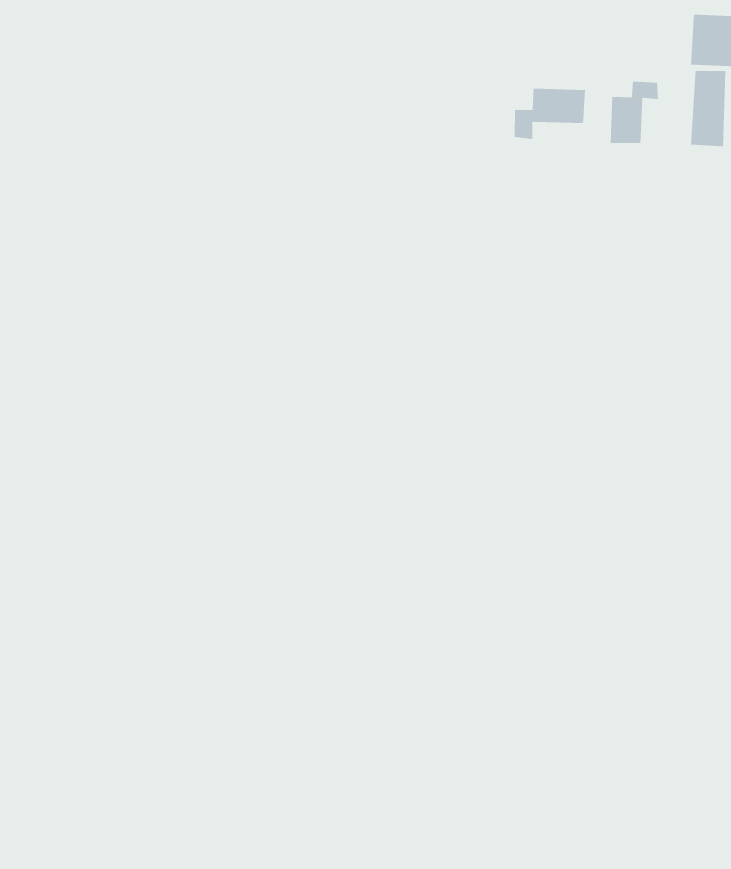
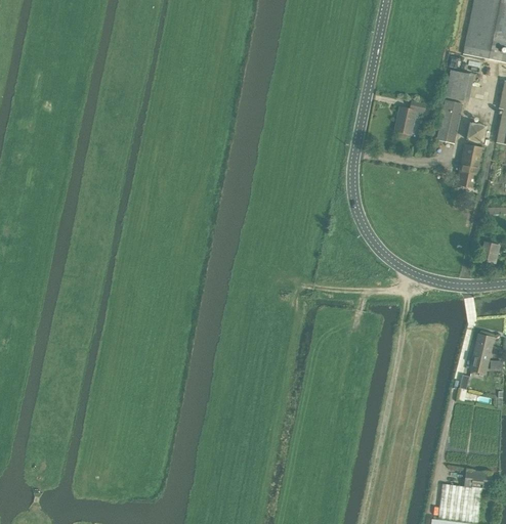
building: [514,88,586,140] -> none

